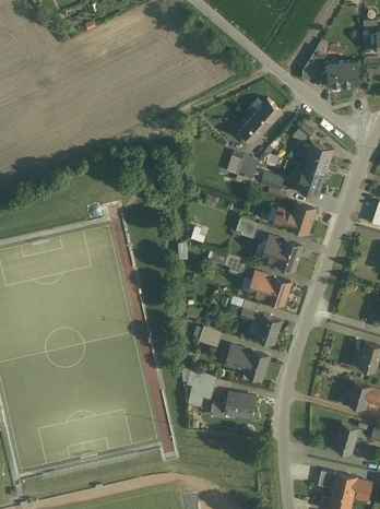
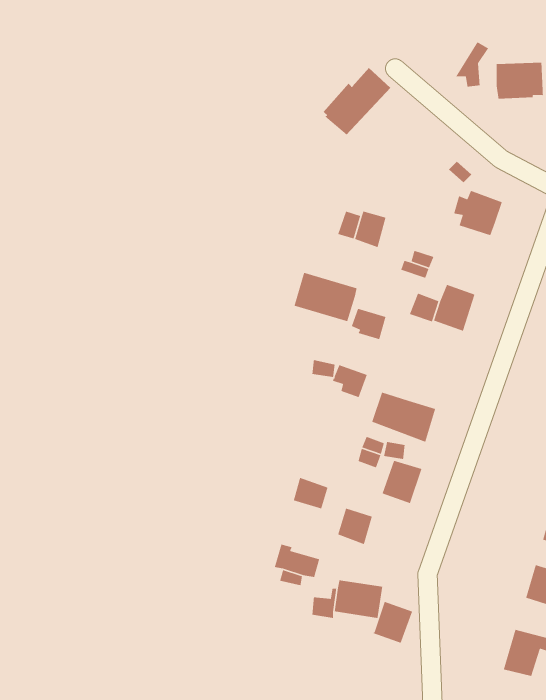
building: [237,99,281,143] -> [323,67,391,136]
building: [293,166,324,196] -> none
building: none -> [294,272,358,322]
building: [261,236,301,271] -> none
building: [242,351,269,378] -> [372,601,413,644]

